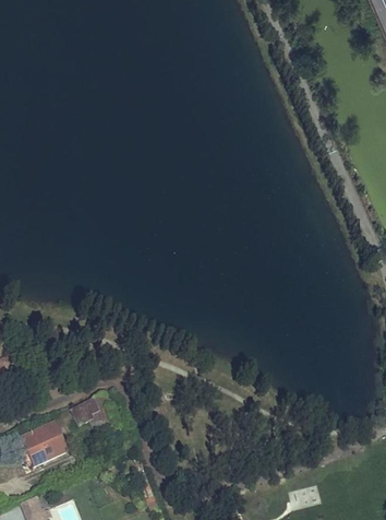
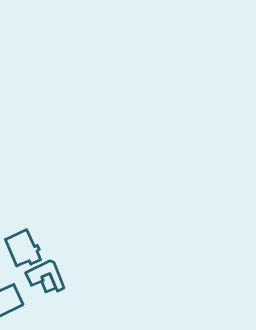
building: none -> [5,230,41,266]

